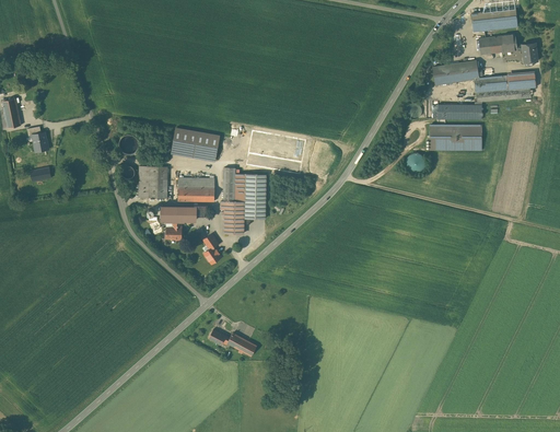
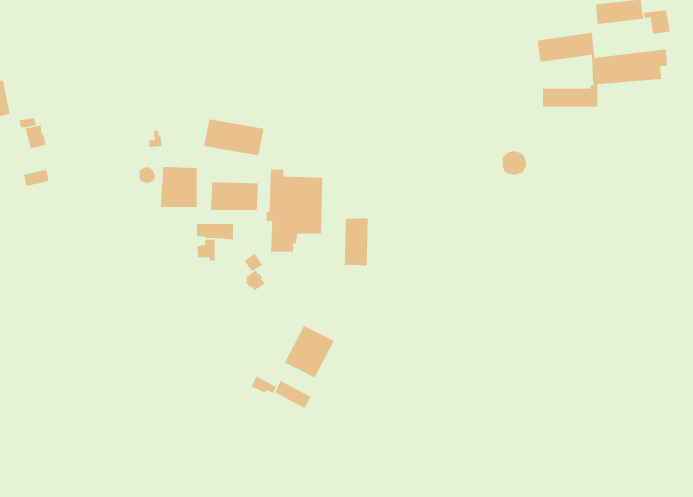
building: [430,125,478,149] -> none
building: none -> [344,218,369,266]
building: none -> [284,325,335,378]

